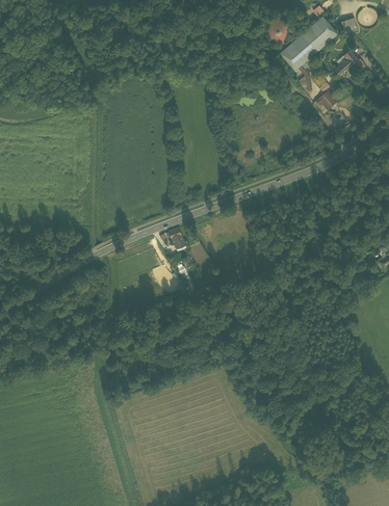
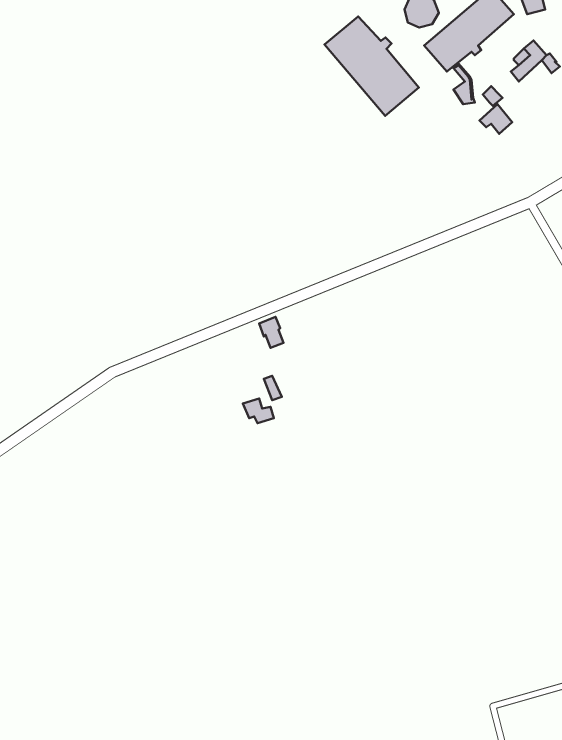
building: none -> [324,16,419,116]

